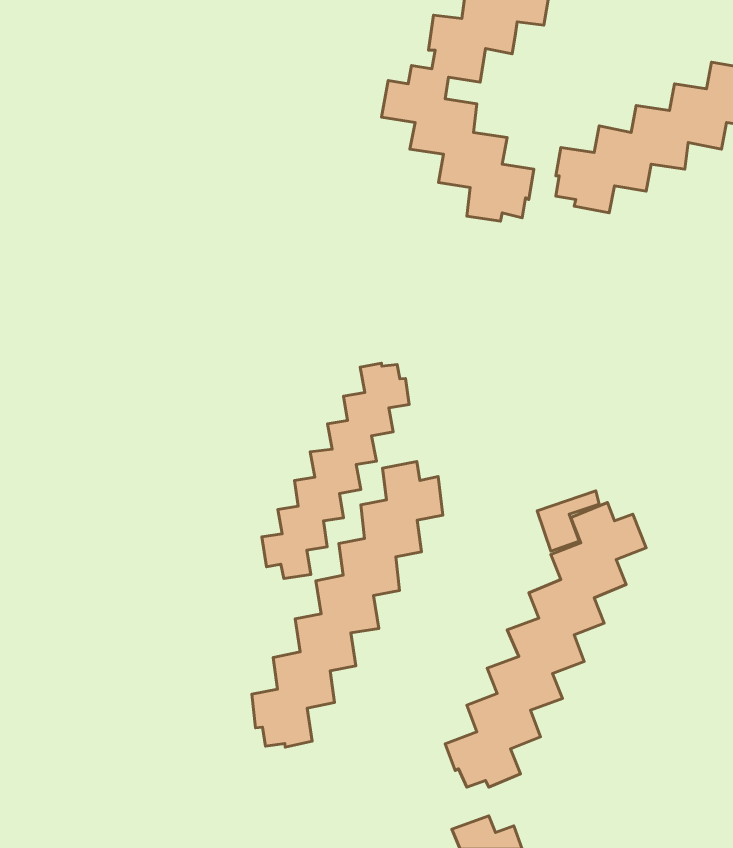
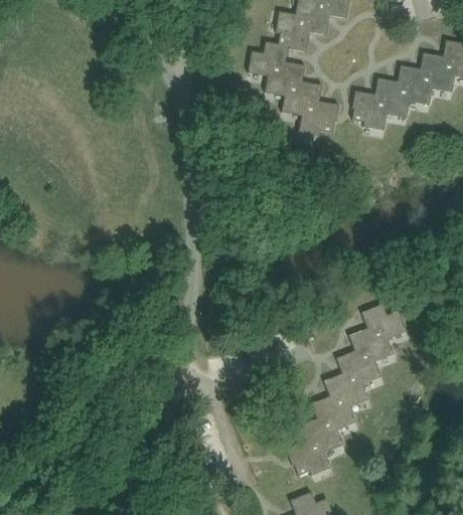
building: [262,363,409,579] -> none
building: [252,462,443,747] -> none

